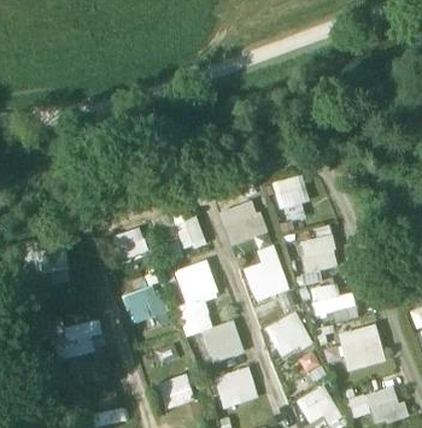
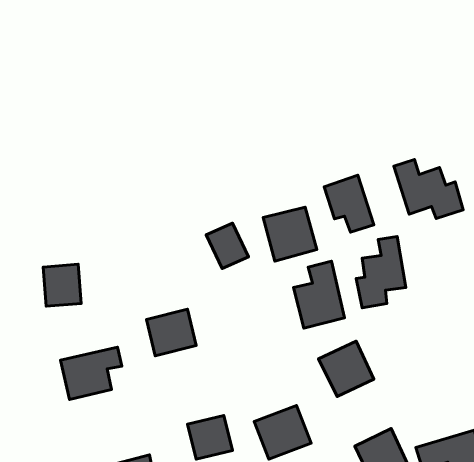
building: none -> [394,159,463,218]
building: [174,260,244,363] -> none
building: [310,285,340,315] -> none
building: [338,323,386,373] -> none

